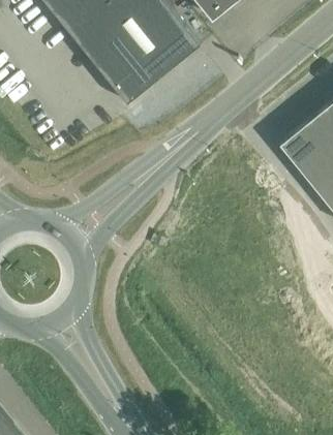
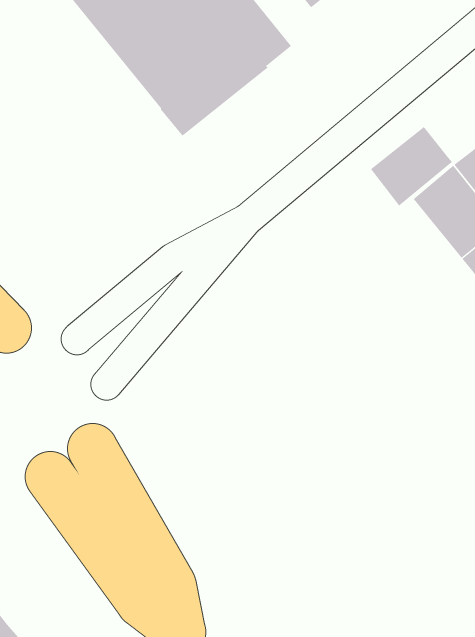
building: none -> [370,126,453,206]

